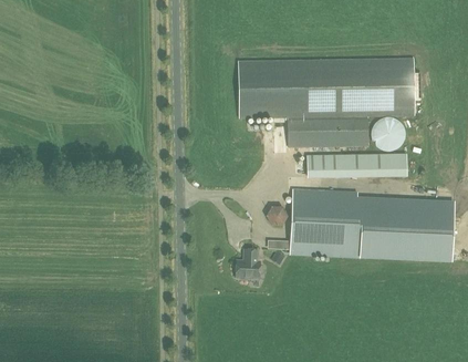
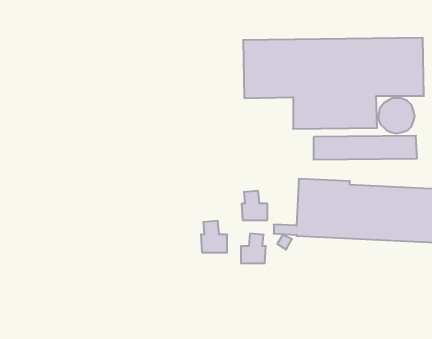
building: none -> [242,191,267,220]
building: none -> [201,221,227,253]

